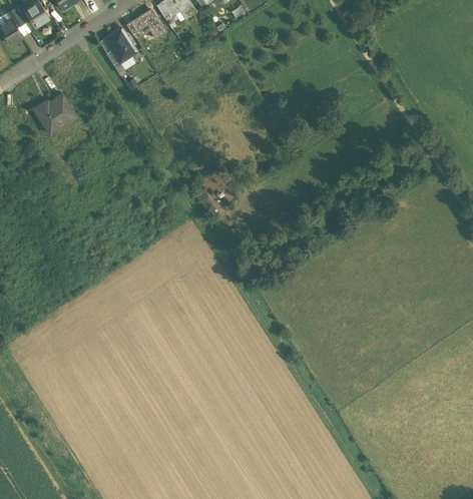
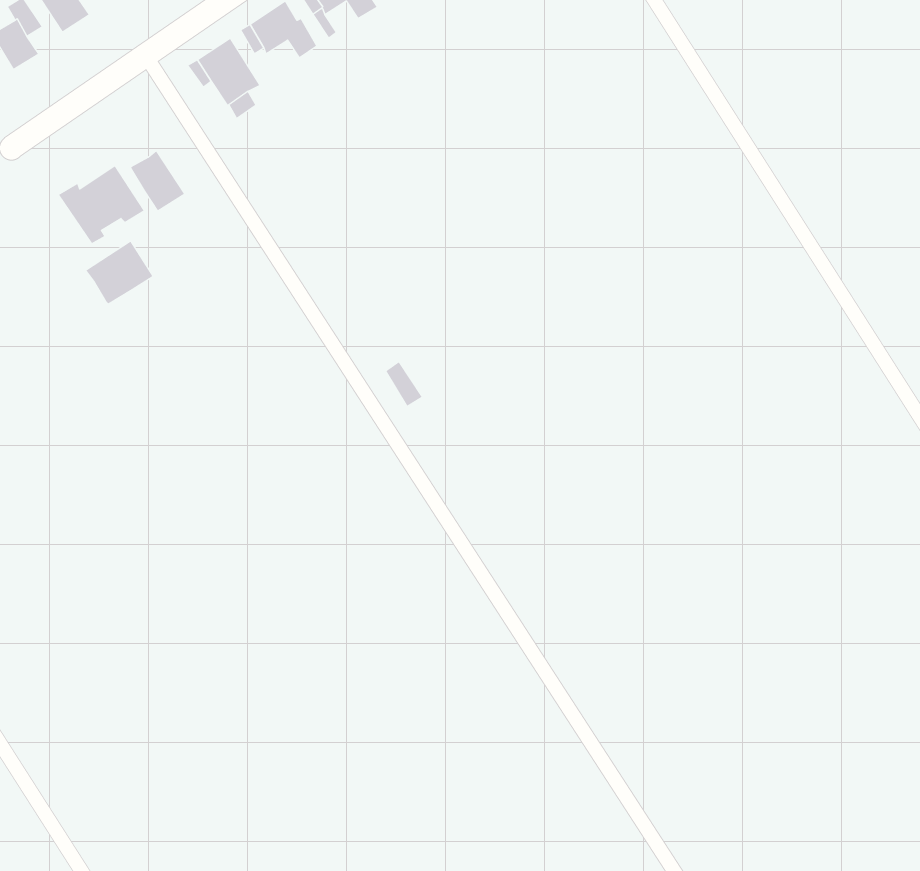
building: none -> [131,150,185,211]
building: none -> [85,241,153,304]

